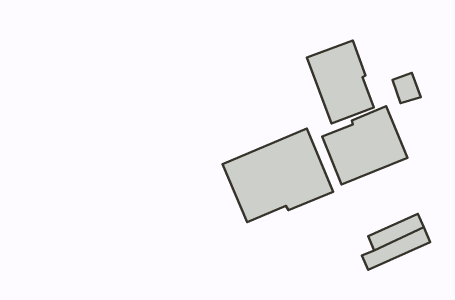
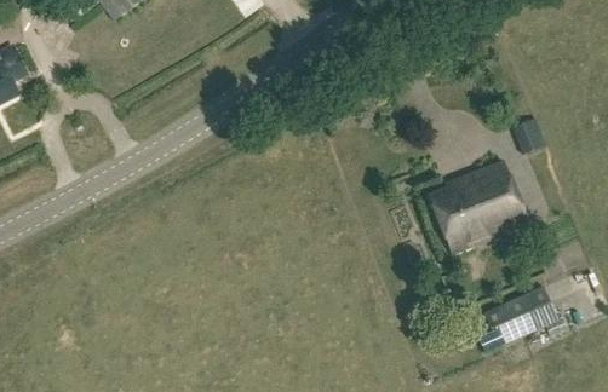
building: [307,41,374,123] -> none
building: [223,128,333,222] -> none

